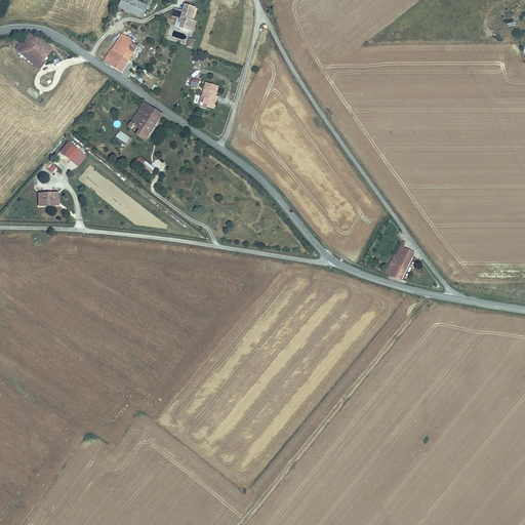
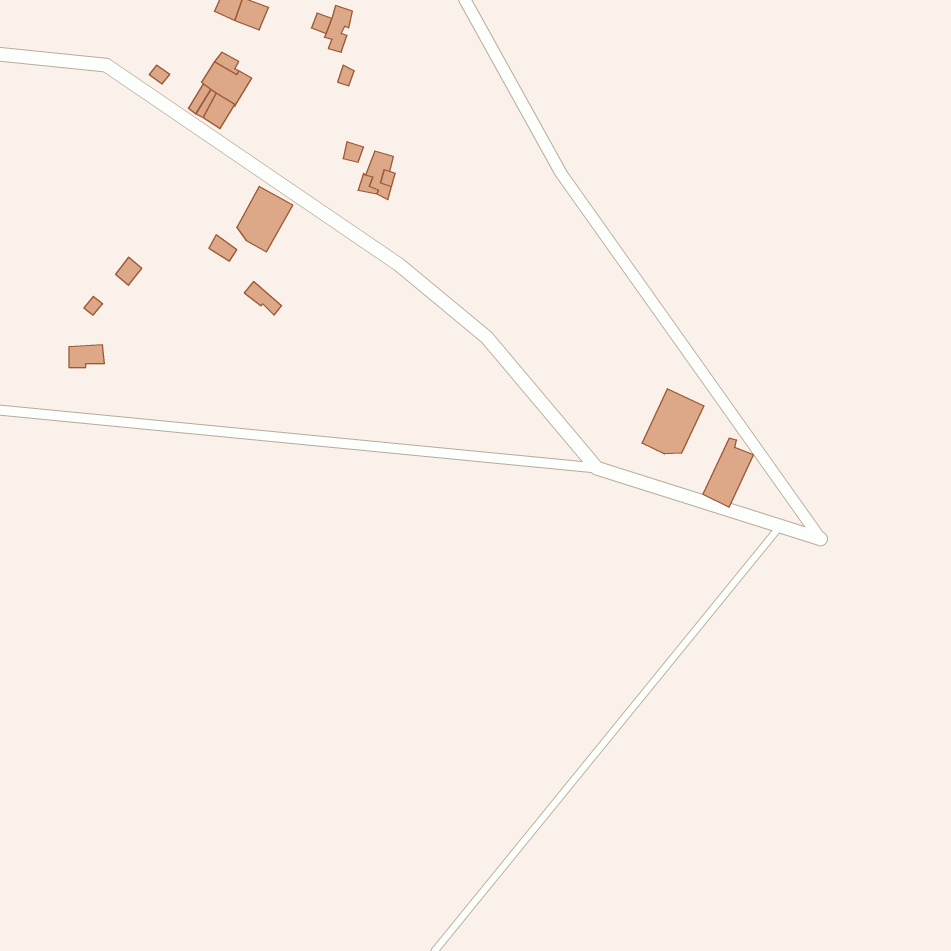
building: [16,33,54,70] -> none
building: none -> [642,389,704,454]

